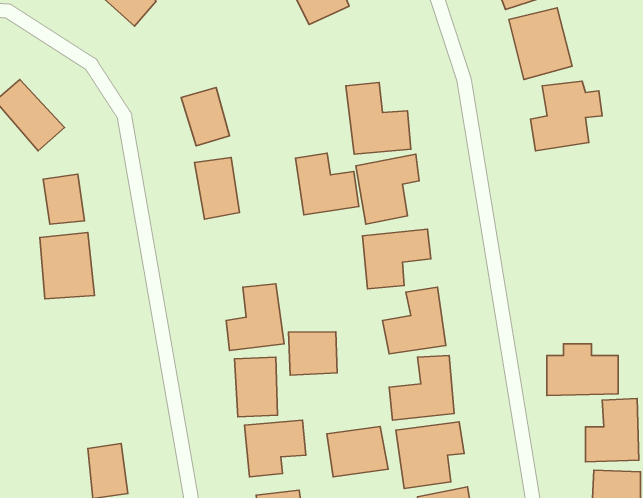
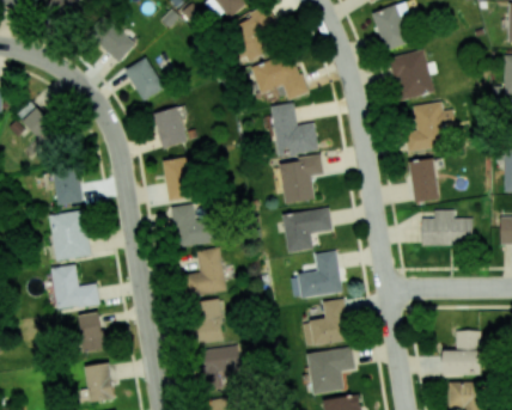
building: none -> [250,53,306,99]
building: none -> [123,56,165,100]
building: [296,153,359,215] -> [170,203,215,247]
building: none -> [408,158,439,202]
building: none -> [50,264,99,310]
building: [289,332,337,375] -> none
building: [547,344,618,395] -> [421,209,473,246]
building: none -> [78,312,104,351]
building: [327,427,388,477] -> none

